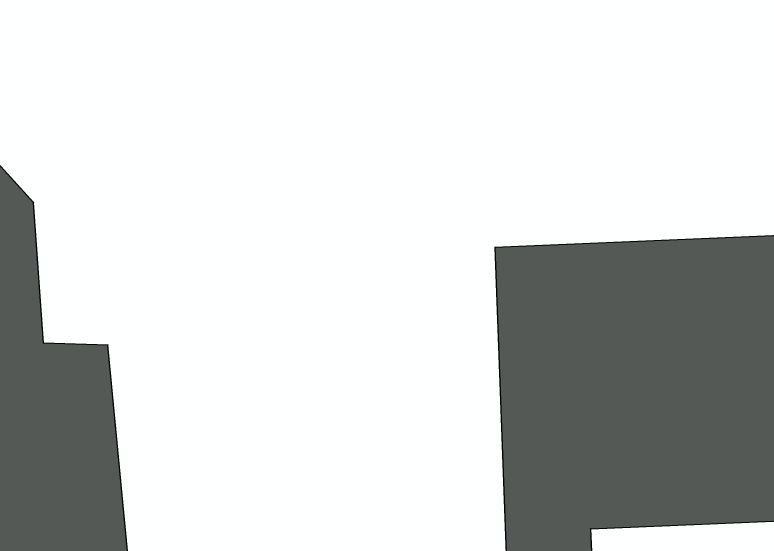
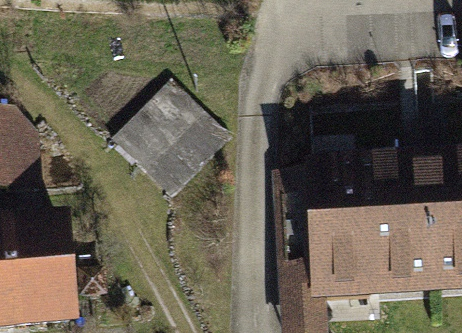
building: none -> [111,77,231,197]

